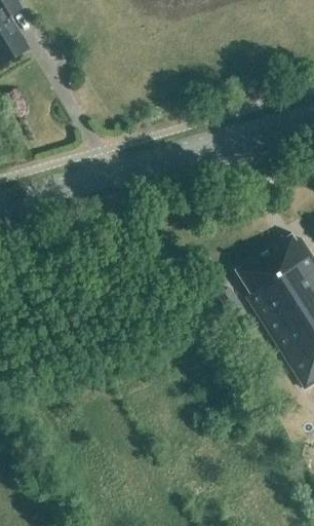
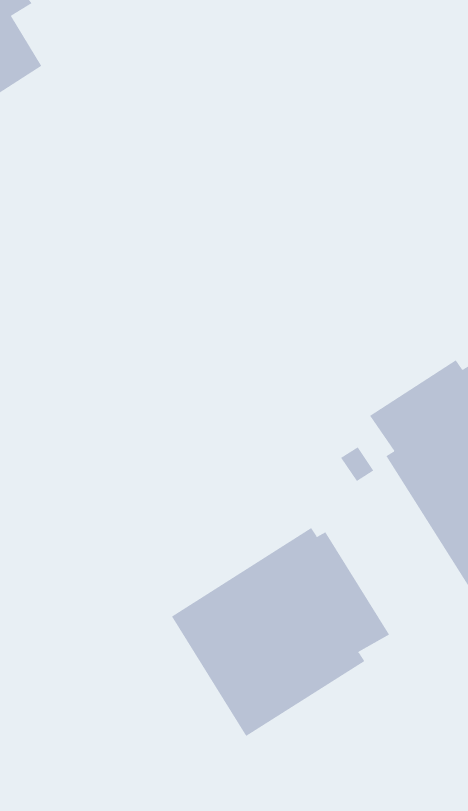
building: none -> [171,527,390,737]

